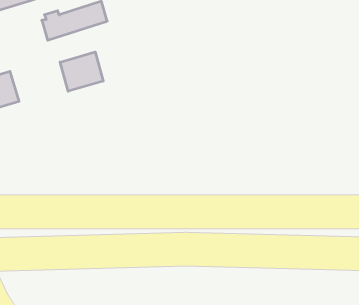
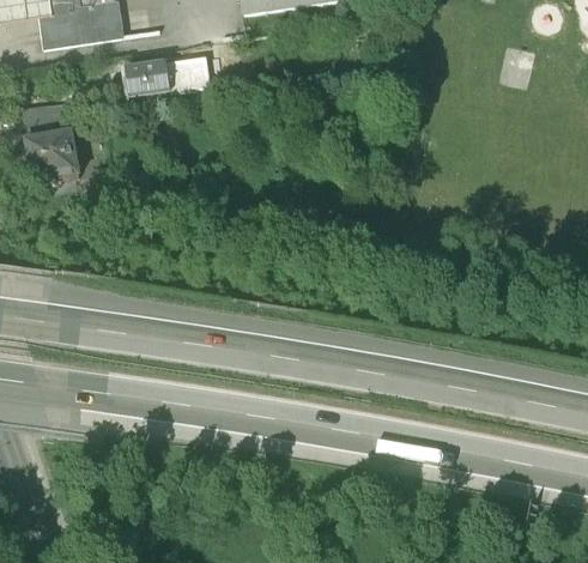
building: [60,52,103,91] -> none

